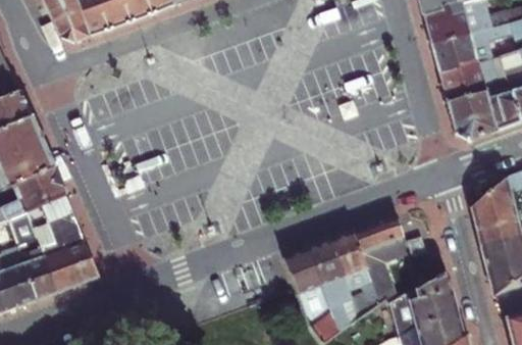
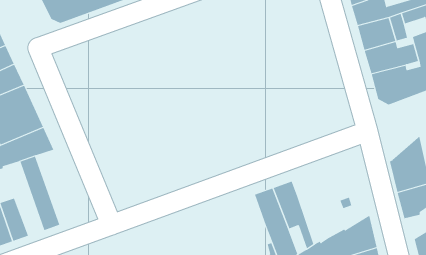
building: [44,193,98,284] -> none
building: [5,207,54,297] -> none
building: [354,215,412,307] -> none
building: [284,247,321,295] -> none

